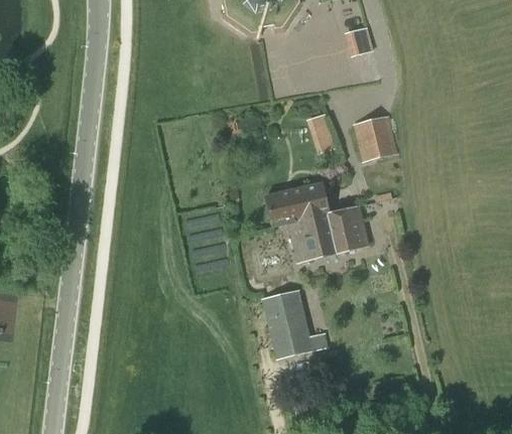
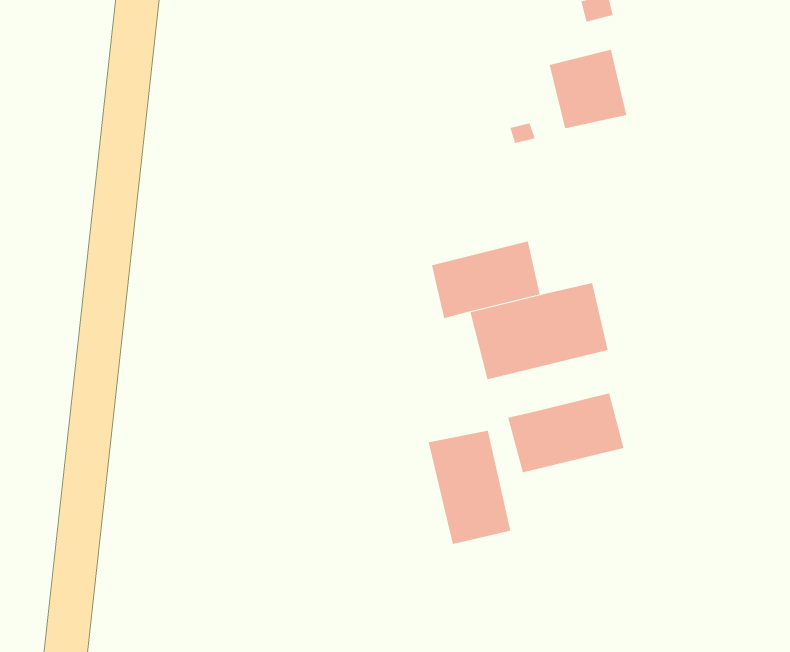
building: [352,114,397,160] -> [549,49,627,129]
building: none -> [508,392,624,473]

